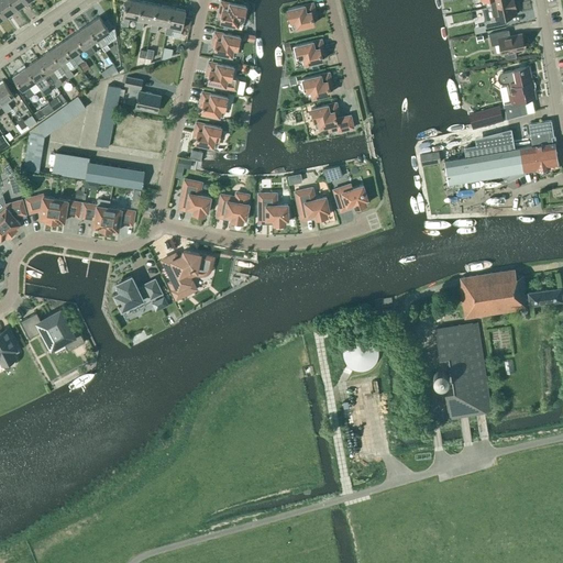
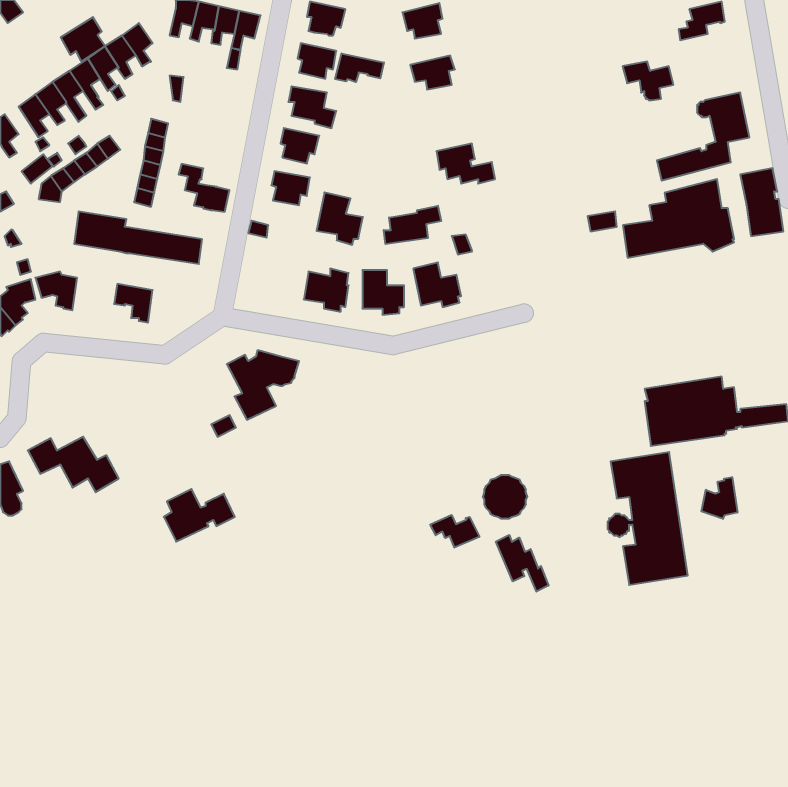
building: none -> [61,17,105,61]
building: [488,32,525,59] -> [623,62,673,100]
building: none -> [335,53,384,82]
building: [300,74,332,99] -> none
building: [124,78,161,112] -> [179,164,229,212]
building: [23,143,43,174] -> none
building: none -> [384,206,441,244]
building: [178,179,211,217] -> [317,192,363,245]
building: [333,185,367,209] -> none
building: [52,199,80,223] -> none
building: [106,208,134,232] -> none
building: [112,275,163,312] -> [164,489,235,542]
building: none -> [701,477,737,519]
building: none -> [430,515,479,548]
building: none -> [496,535,549,592]

